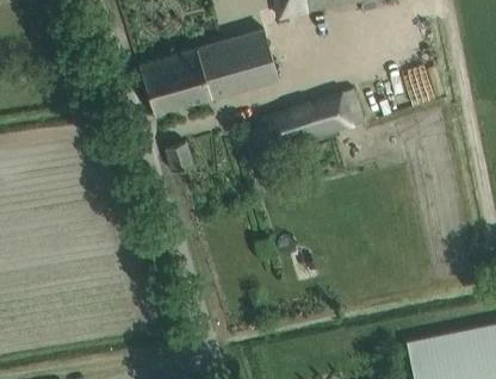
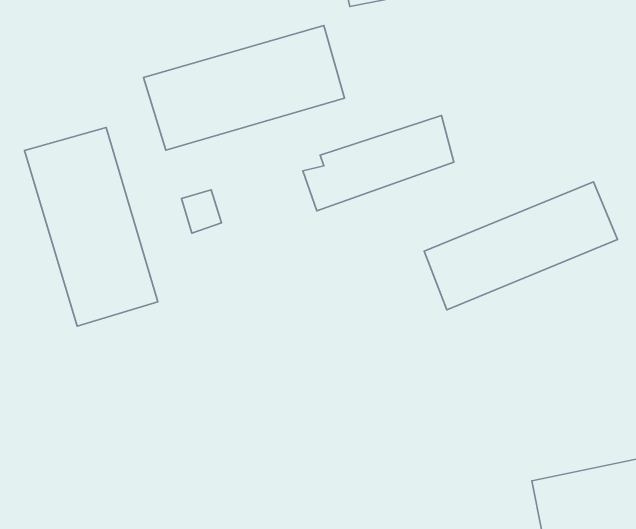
building: none -> [24,127,158,326]
building: none -> [424,182,618,310]

